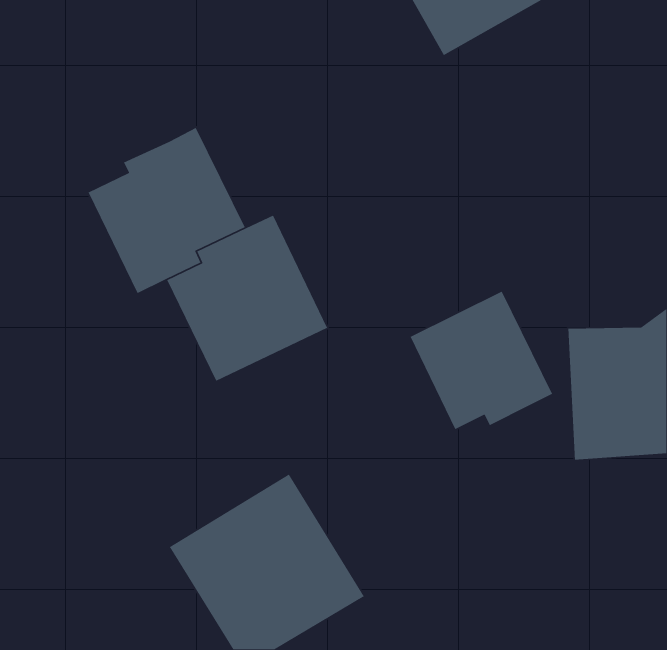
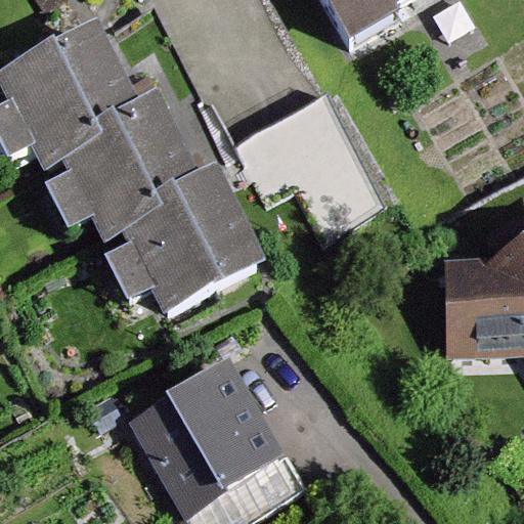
building: none -> [4,31,132,162]
building: none -> [244,92,388,231]
building: [409,290,553,430] -> none

